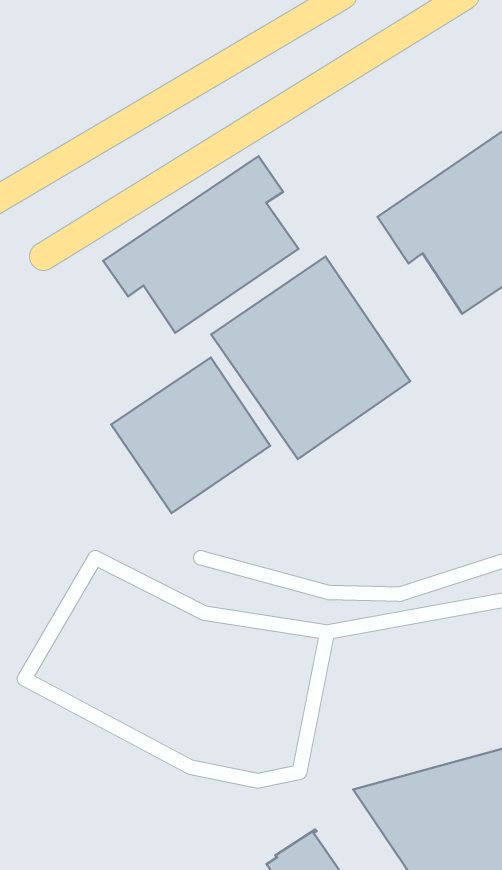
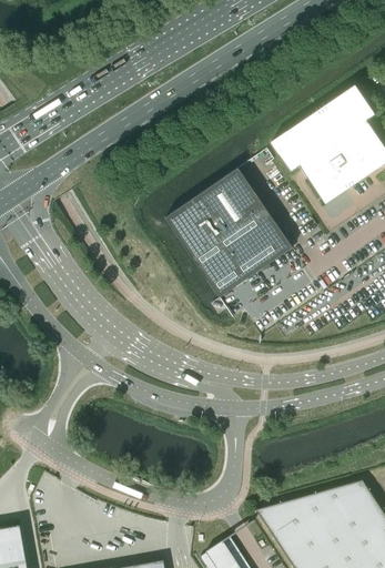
building: [103,156,299,333] -> none
building: [111,358,270,513] -> none

